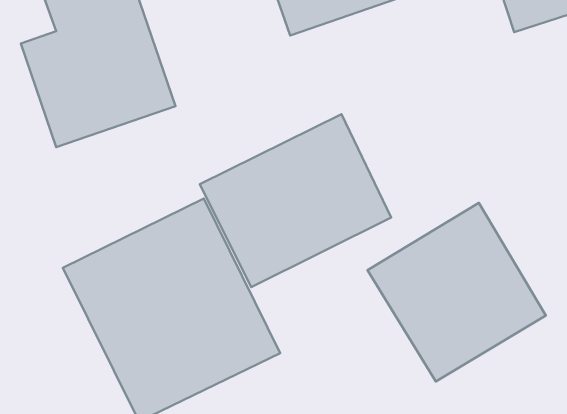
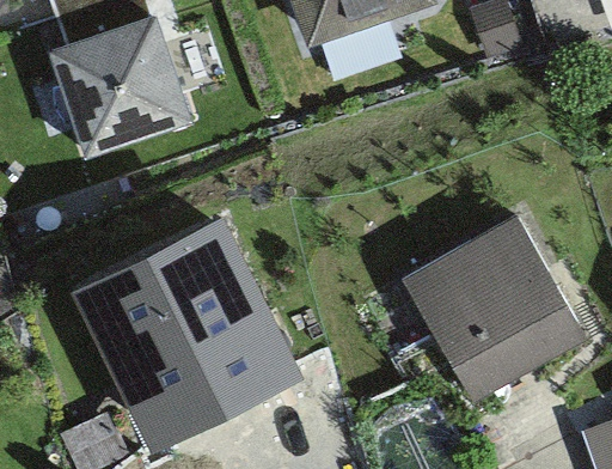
building: [200,114,391,287] -> none

